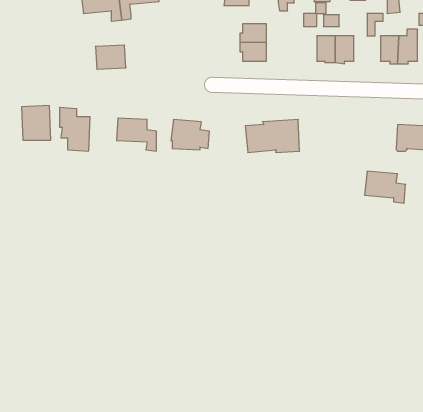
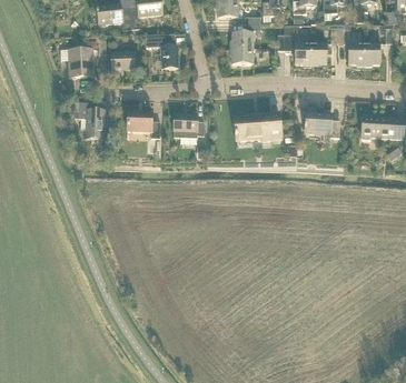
building: none -> [145,33,178,69]
building: [22,106,51,140] -> [68,48,92,77]
building: [364,171,406,203] -> [305,112,339,139]

